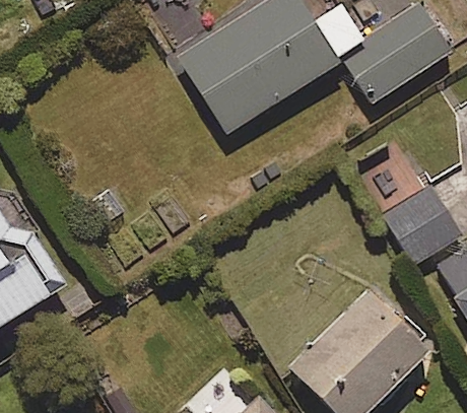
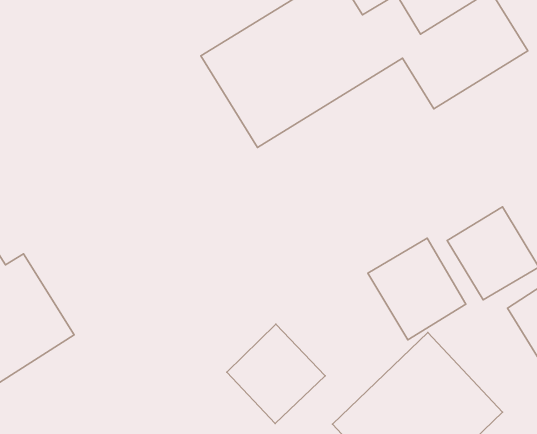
building: none -> [368,238,466,340]
building: none -> [227,324,325,423]

